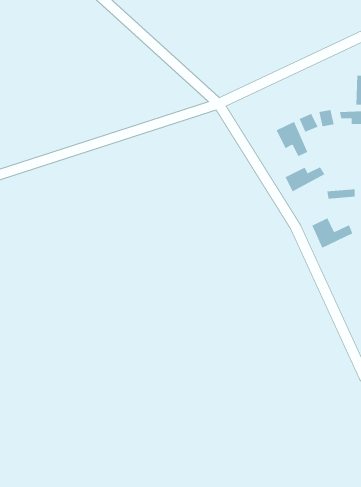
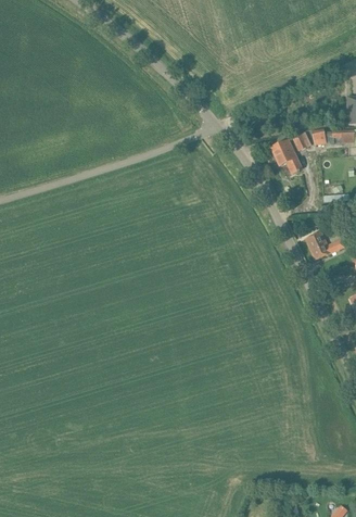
building: [285,166,325,192] -> none

